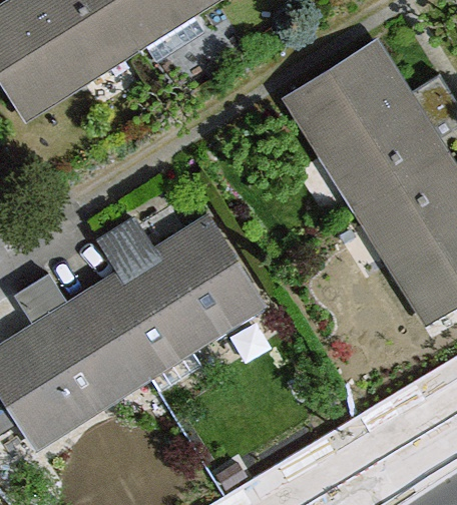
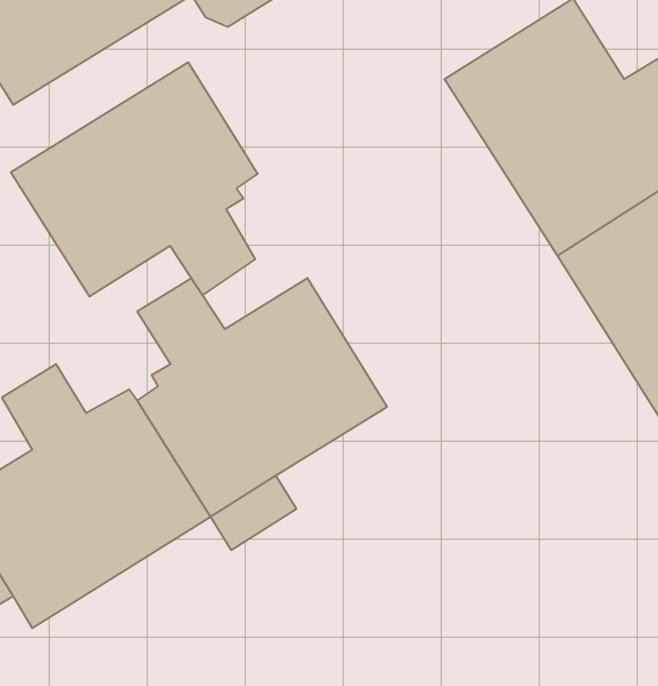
building: none -> [11,62,258,297]

